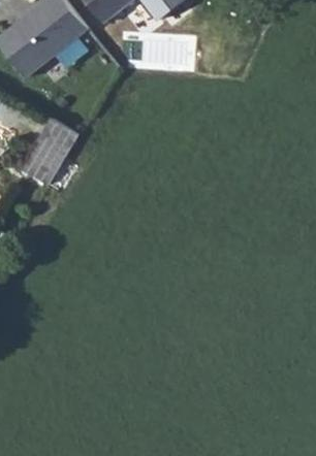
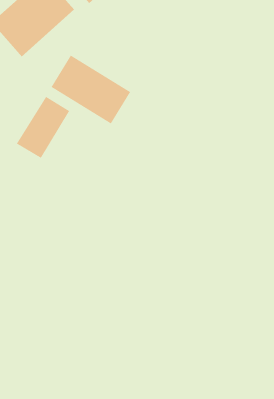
building: none -> [50,54,131,125]

